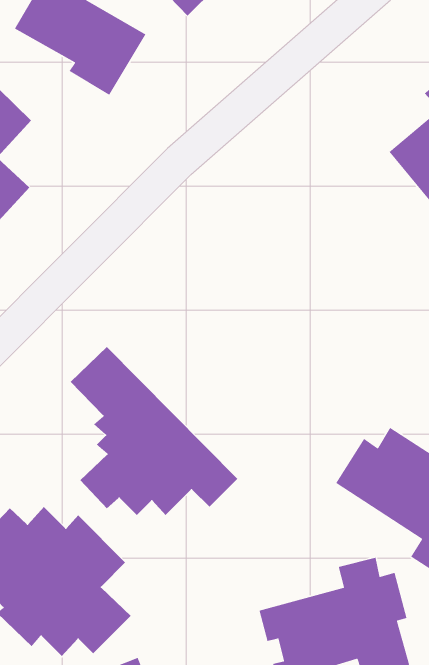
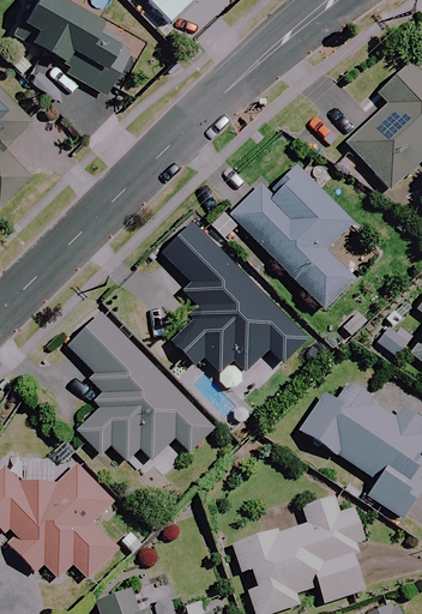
building: none -> [231,163,355,308]
building: none -> [157,217,308,374]

